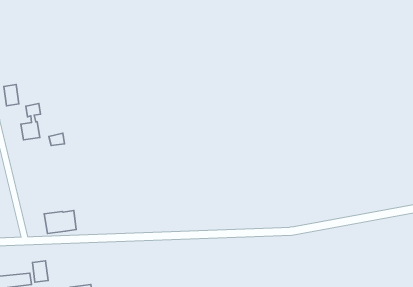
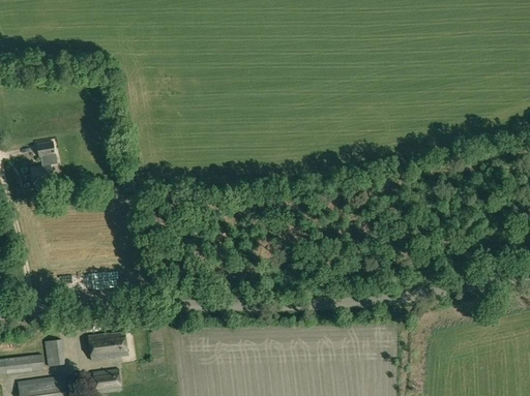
building: [4,85,19,106] -> none
building: [44,211,76,234] -> [87,332,127,361]

